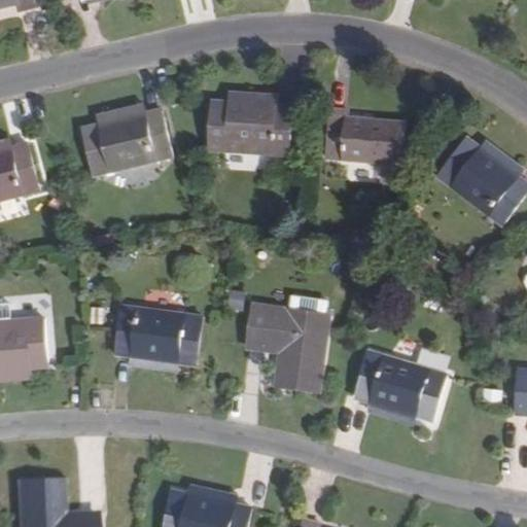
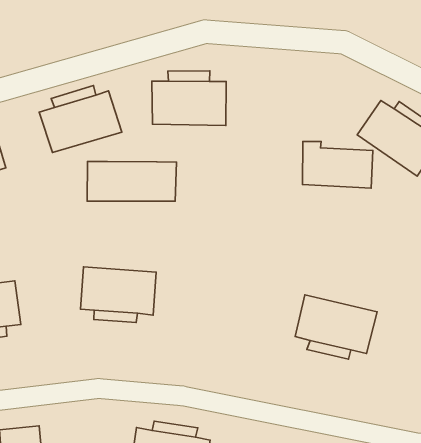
building: [324,108,406,165] -> [302,142,373,188]
building: none -> [87,161,176,201]
building: [247,306,328,391] -> none

